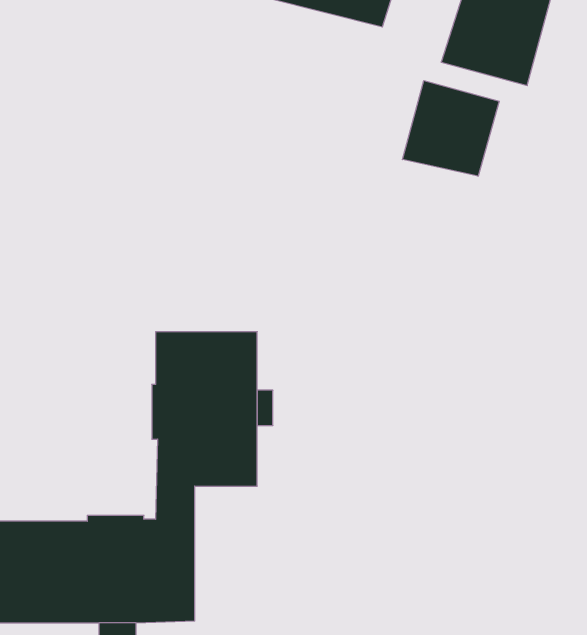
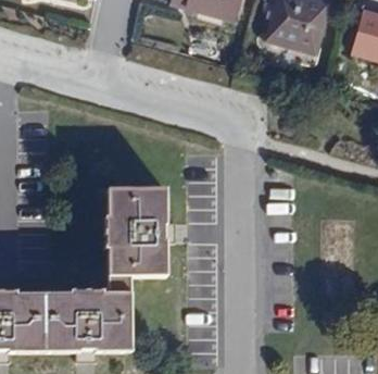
building: [402,81,499,176] -> none

